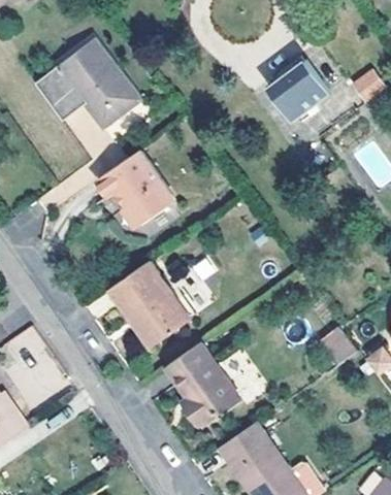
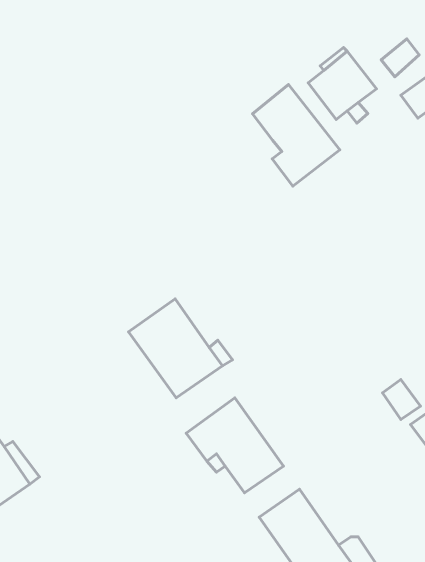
building: [37,42,140,130] -> none
building: none -> [252,85,340,186]
building: [102,147,178,222] -> none

